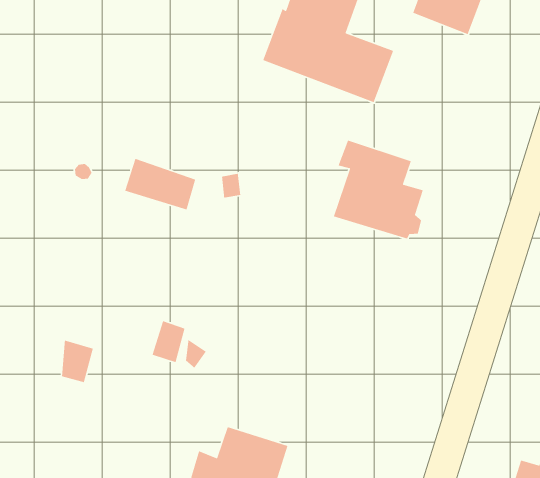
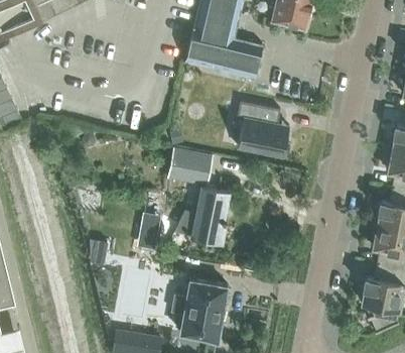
building: [124,158,196,211] -> [170,149,212,176]
building: none -> [176,190,230,246]

